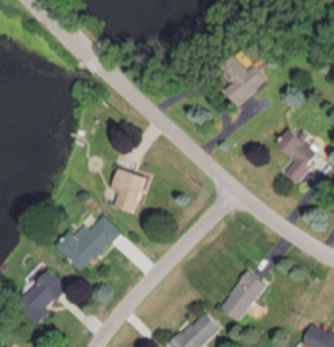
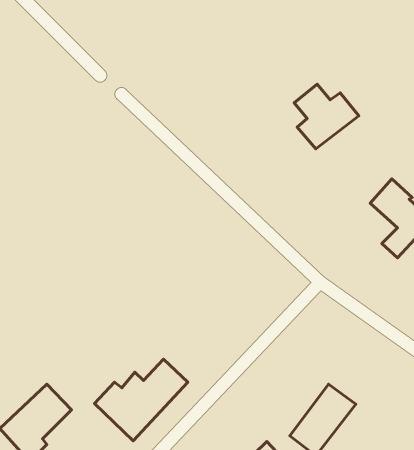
building: [111,167,145,214] -> none
building: [54,215,120,272] -> [95,359,188,441]

